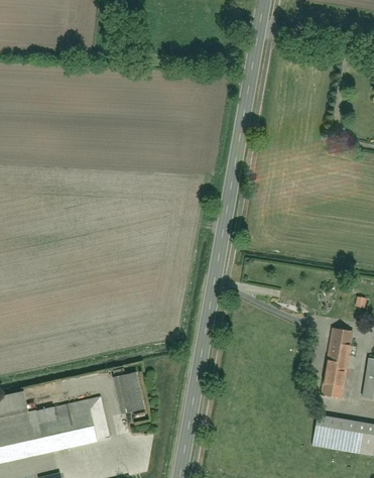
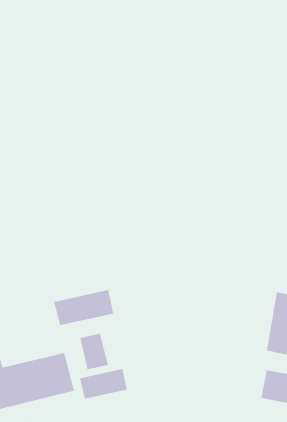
building: none -> [54,289,114,326]
building: none -> [79,368,127,399]

